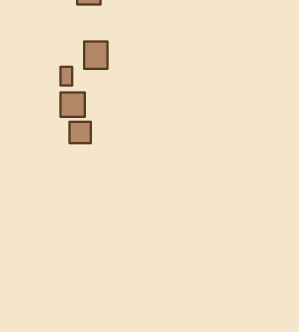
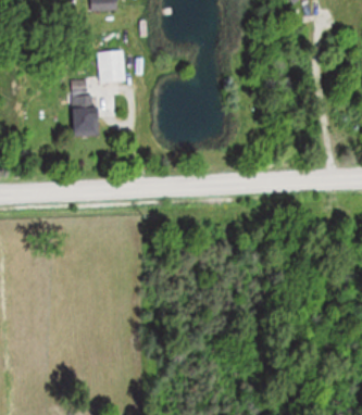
building: [70,122,91,143] -> none

